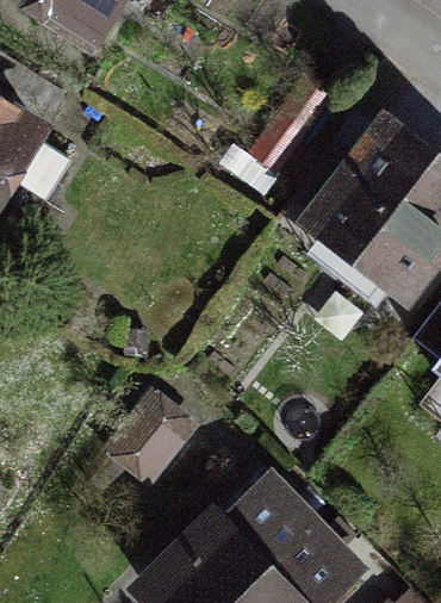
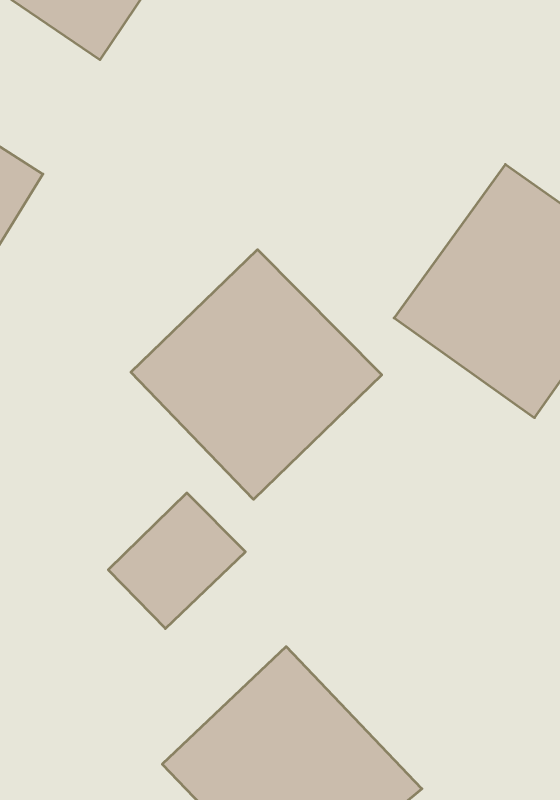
building: none -> [131,250,382,499]

